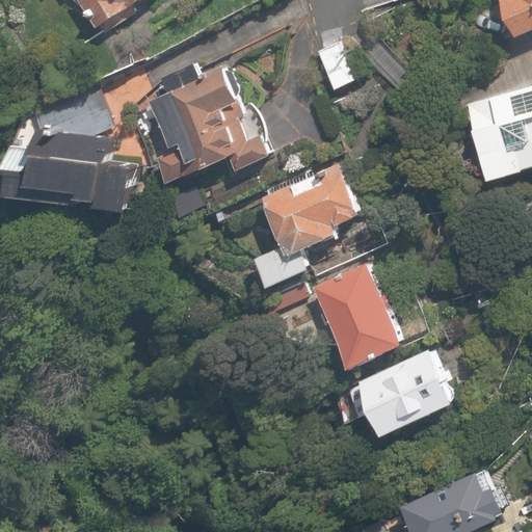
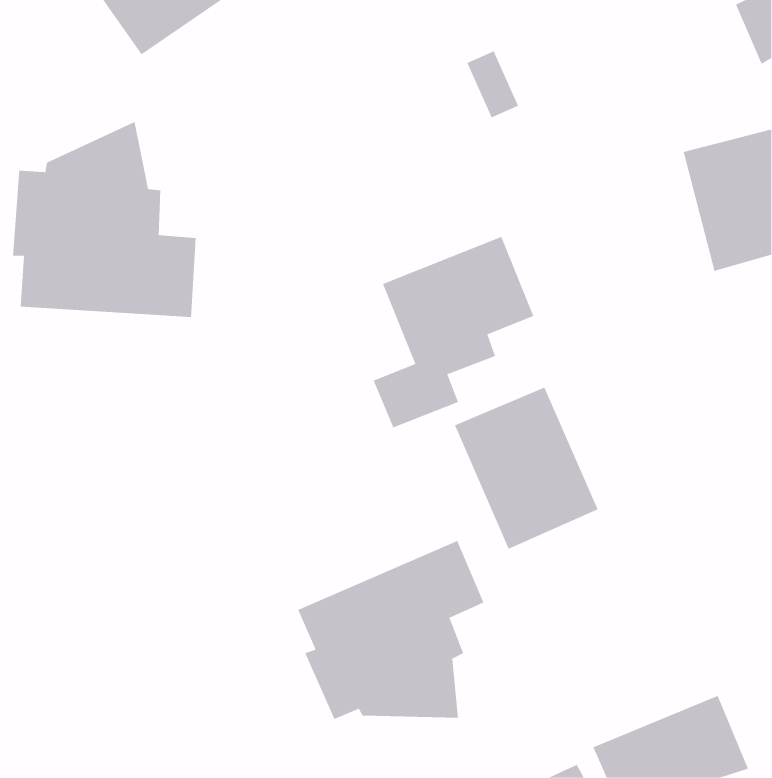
building: [131,62,269,190] -> none
building: [357,346,460,440] -> none
building: none -> [298,540,484,720]

